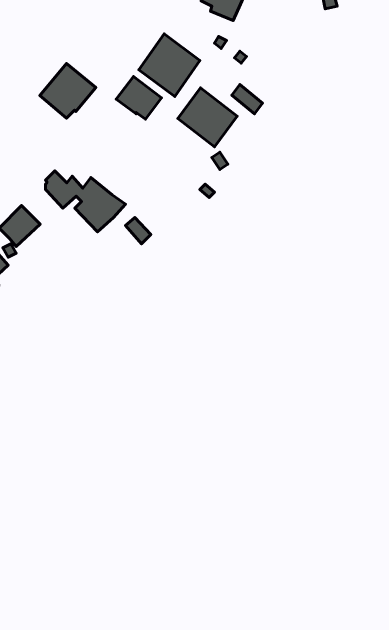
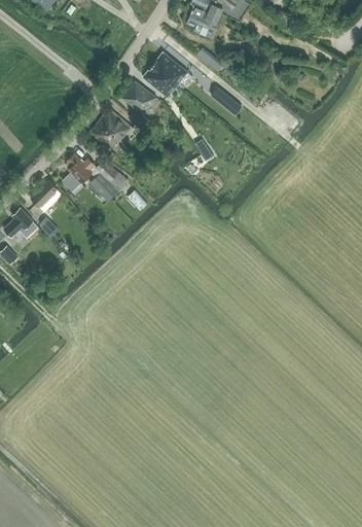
building: [40,64,96,118] -> [88,108,132,150]
building: [178,88,237,147] -> none

